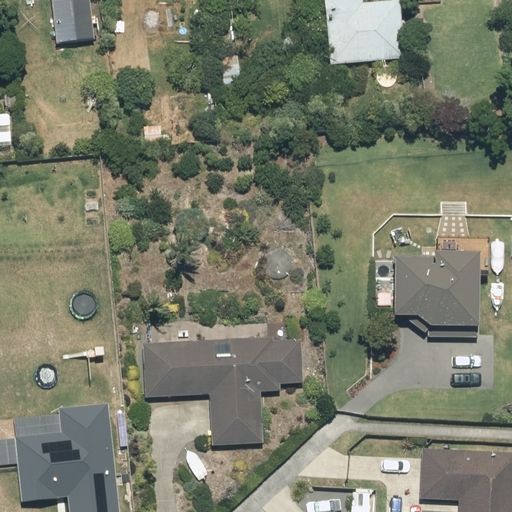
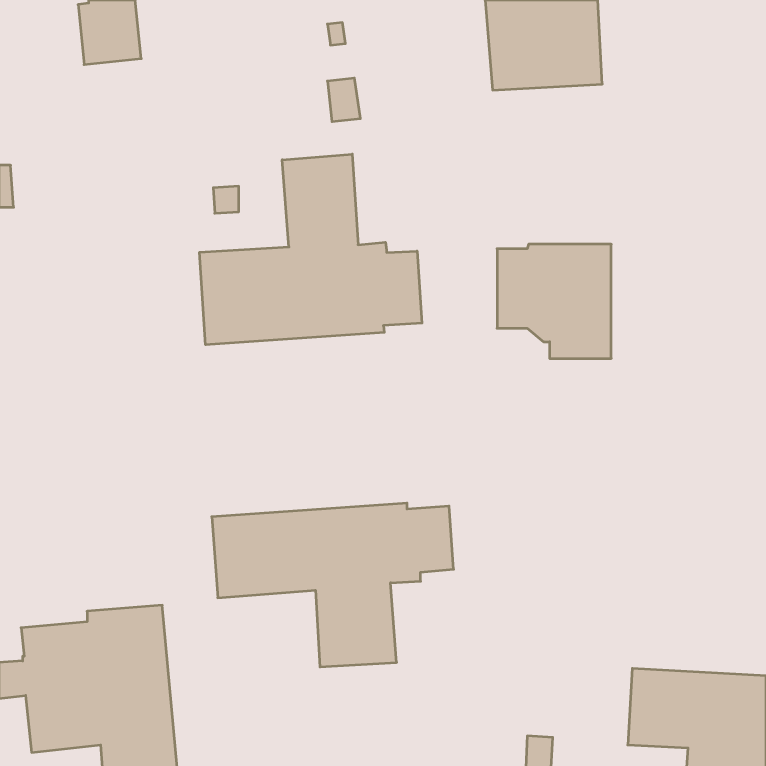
building: none -> [200,154,422,345]
building: [397,251,473,327] -> [497,244,611,358]

